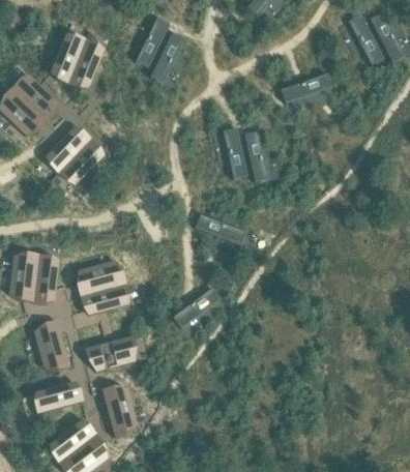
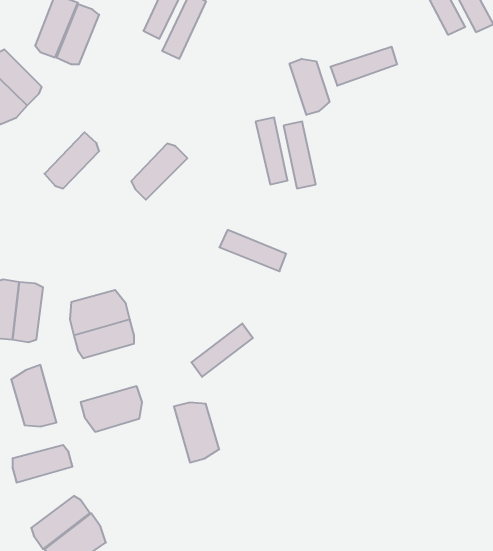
building: none -> [290,59,329,115]
building: [47,128,90,172] -> [131,144,187,200]
building: [102,389,138,436] -> [174,403,219,463]

